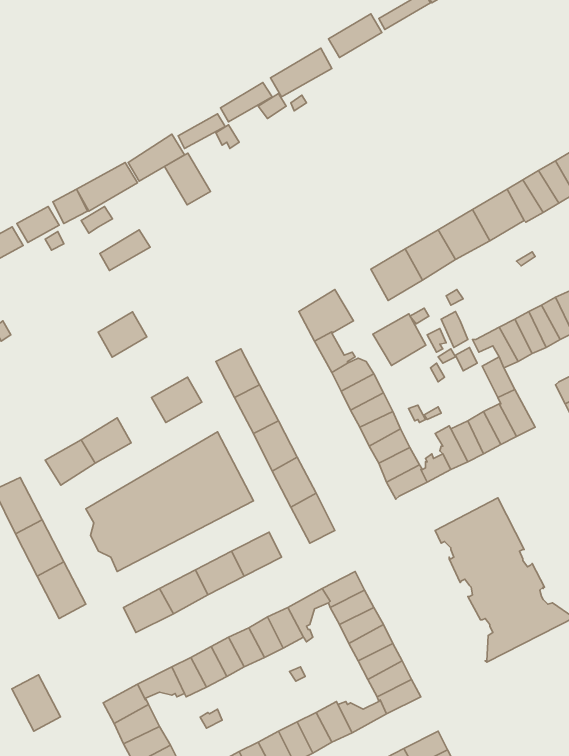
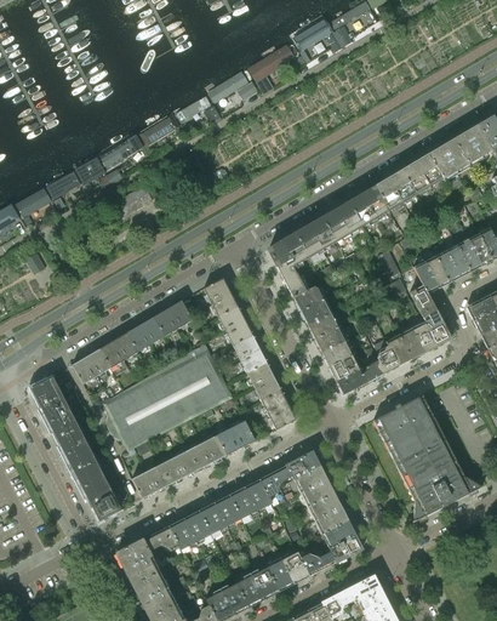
building: [165,153,210,205] -> none
building: [98,312,147,357] -> [127,317,165,352]
building: [373,314,426,365] -> [296,217,337,257]
building: [12,675,60,731] -> [82,477,120,520]

